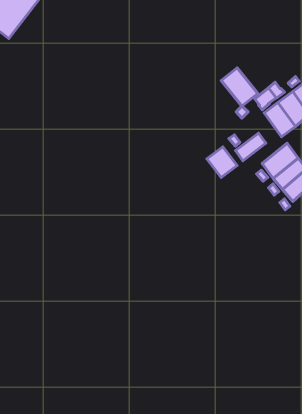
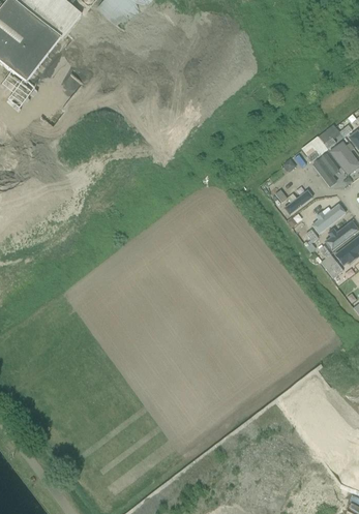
building: [221,68,258,106] -> none
building: [207,147,237,177] -> none

